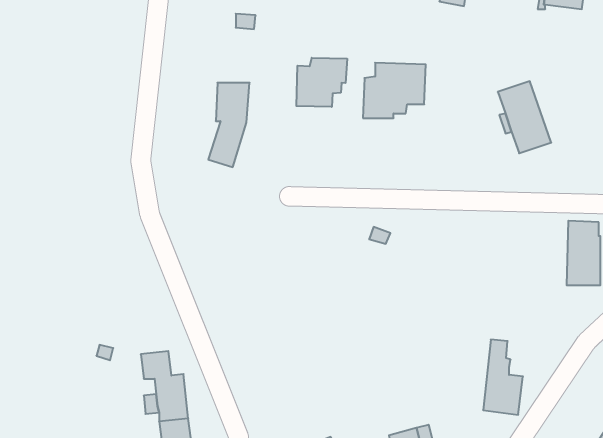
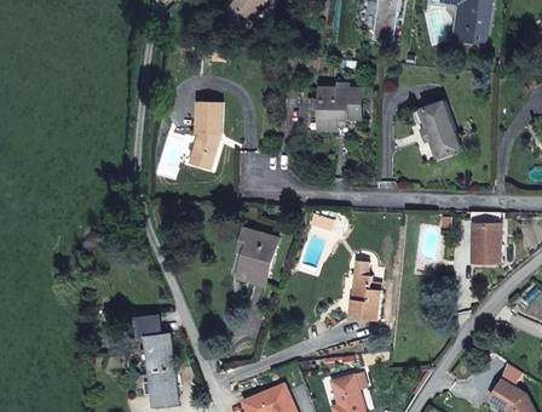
building: [296,58,347,107] -> none
building: none -> [238,228,277,284]
building: [483,340,523,415] -> [350,259,381,319]

